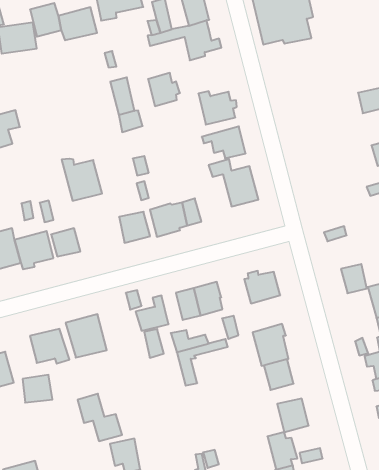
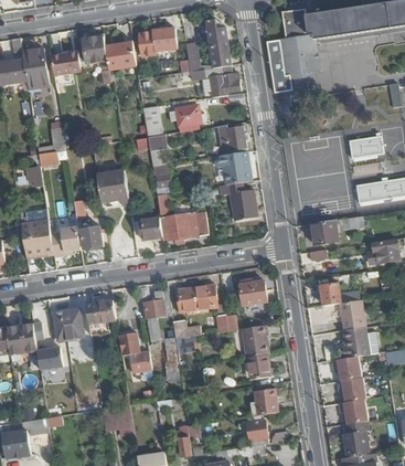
building: none -> [311,220,339,244]
building: [78,394,122,441] -> [117,332,151,372]

